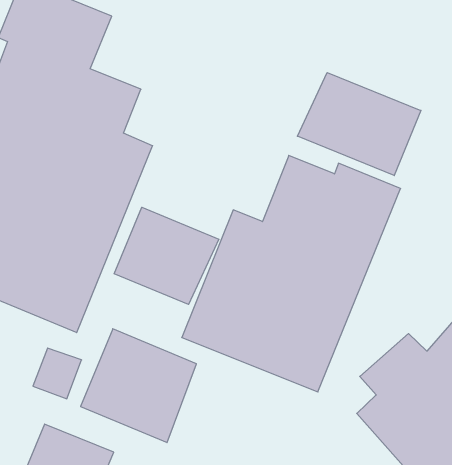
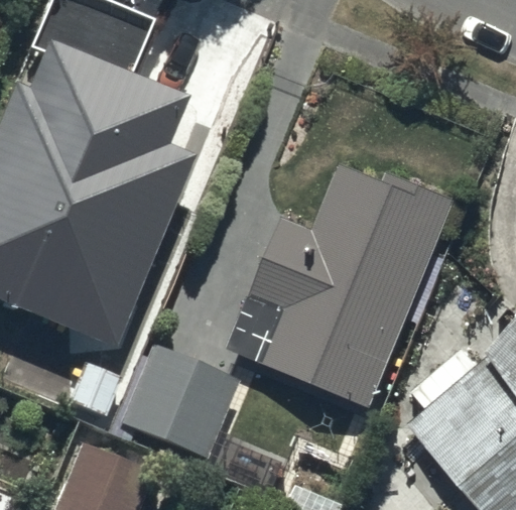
building: [297,73,421,176] -> none
building: [114,207,219,304] -> none

